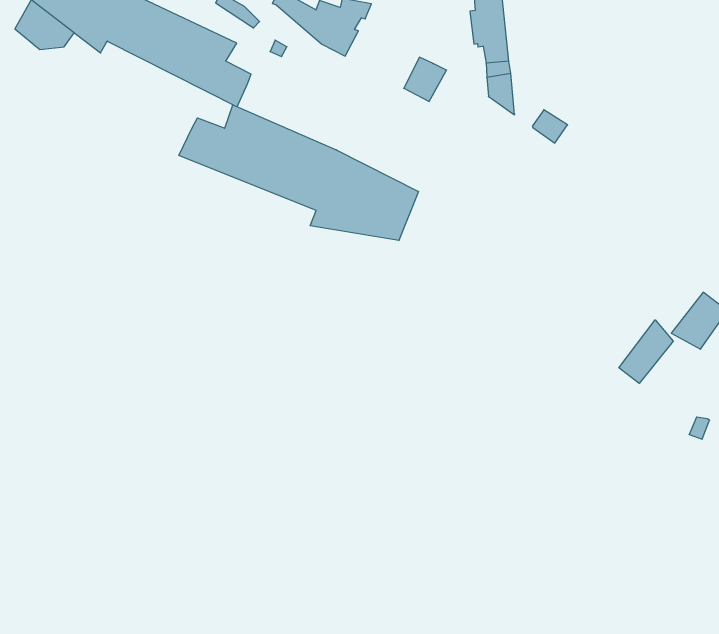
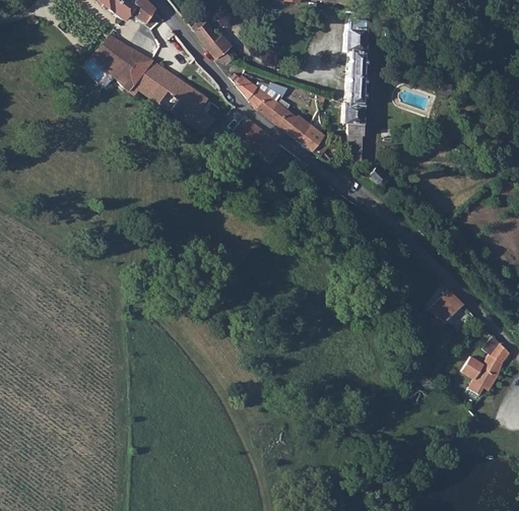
building: none -> [268,104,311,141]
building: [179,105,418,241] -> none
building: [619,320,673,383] -> none

